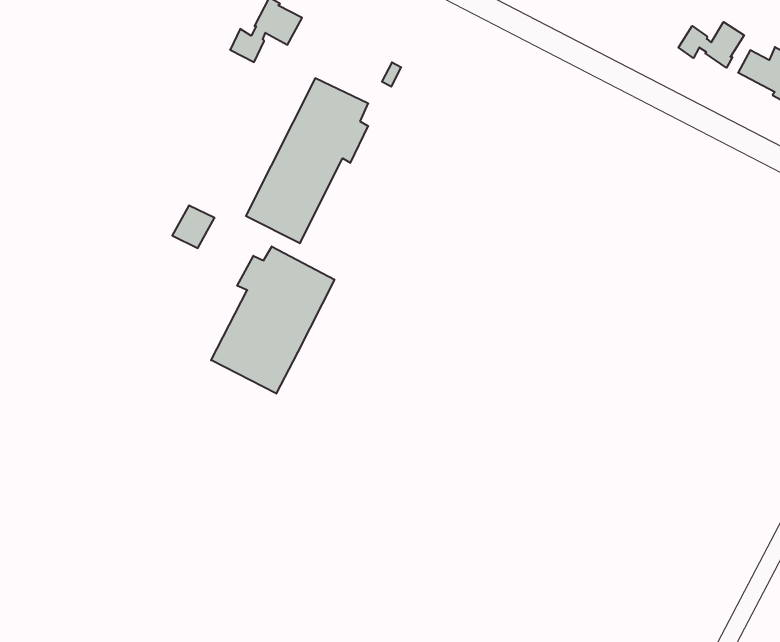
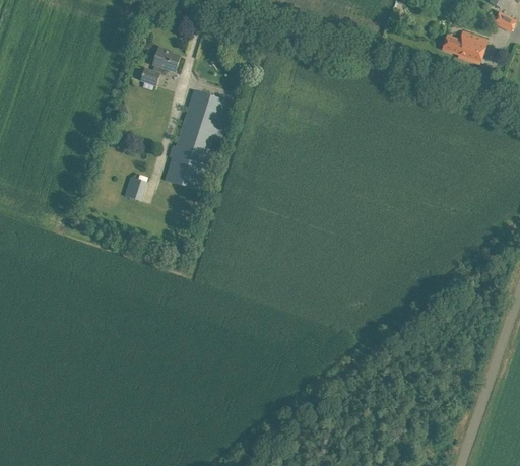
building: [678,22,744,68] -> none
building: [211,246,334,394] -> none

